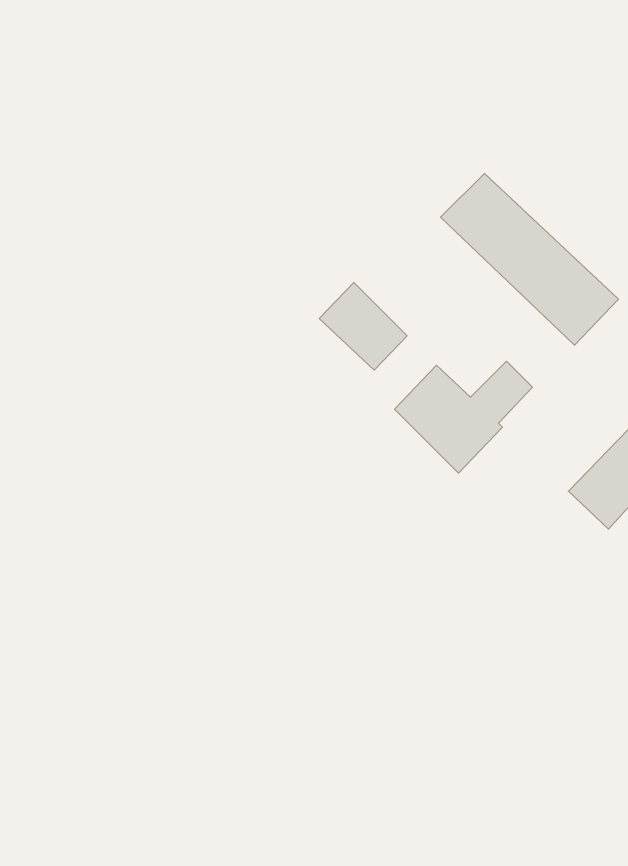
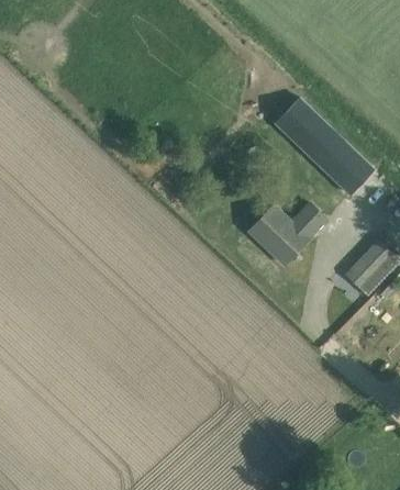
building: [319,282,407,370] -> none

